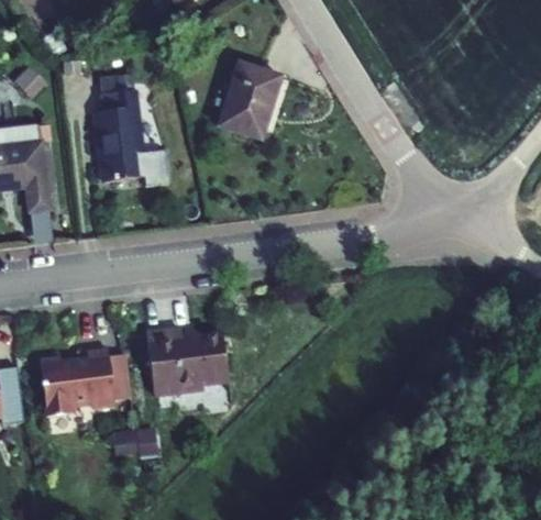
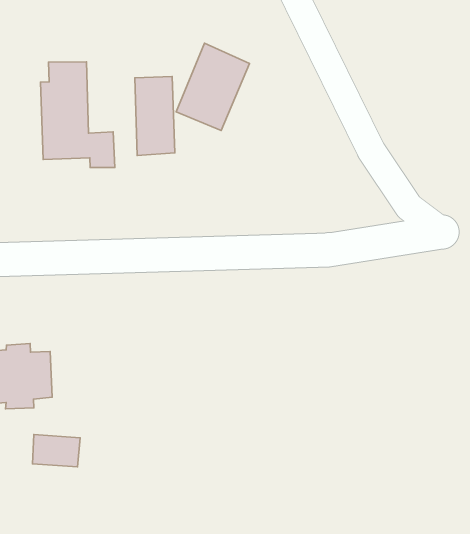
building: none -> [135,77,175,155]
building: [146,327,229,395] -> none

